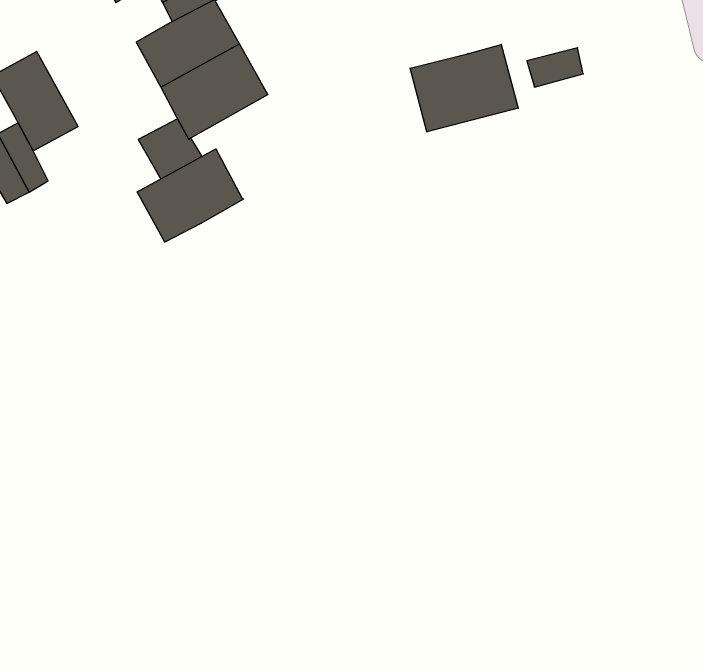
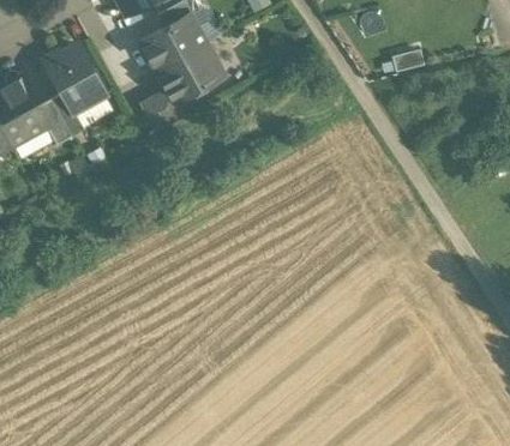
building: [410,44,518,132] -> none
building: [137,149,244,242] -> none

